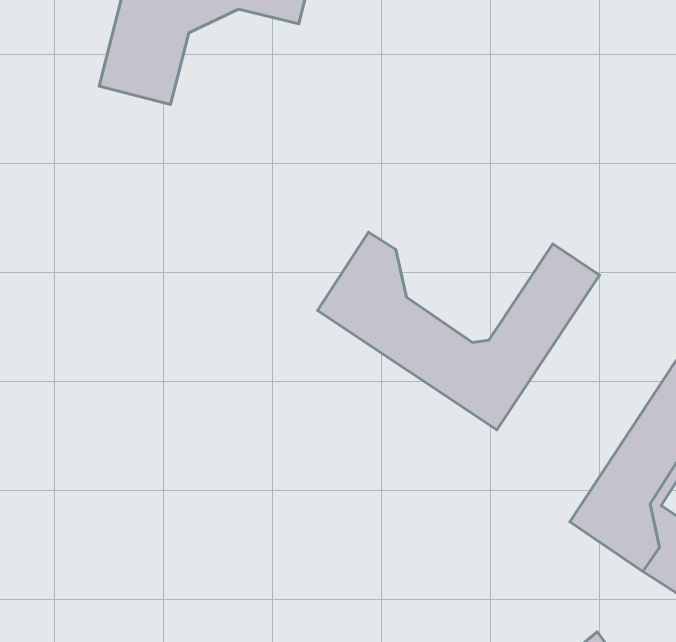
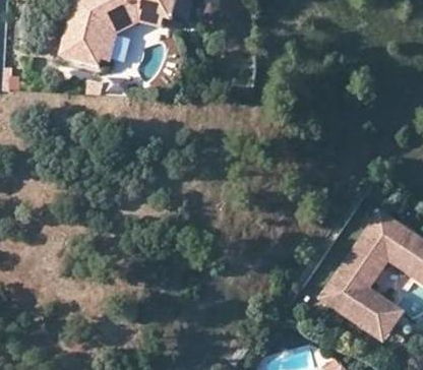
building: none -> [98,13,169,68]
building: [318,232,599,430] -> none

